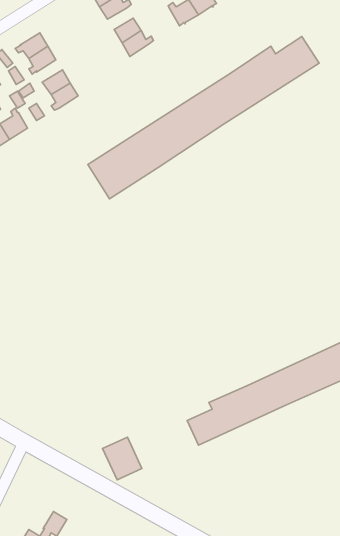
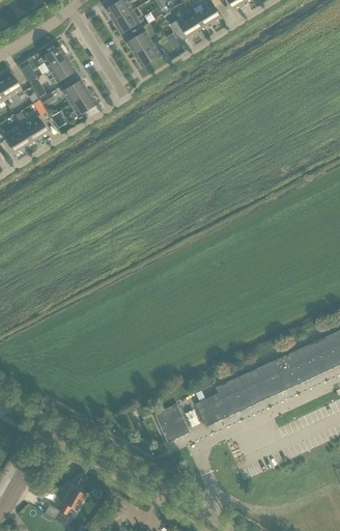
building: [88,37,319,199] -> none
building: [103,437,142,480] -> [154,403,191,443]

